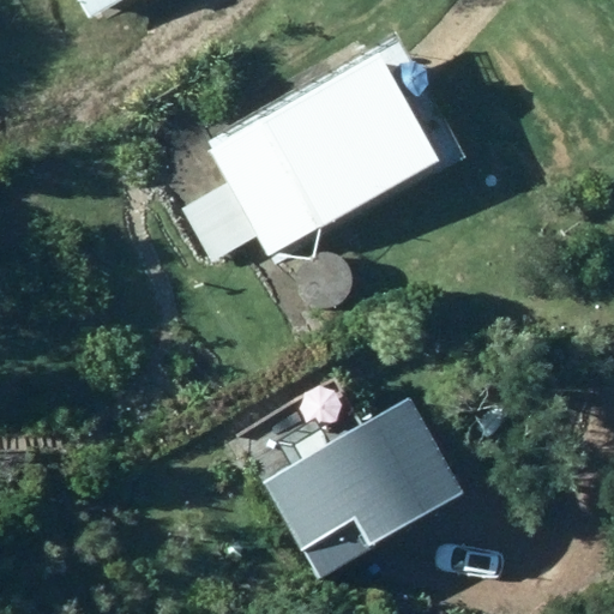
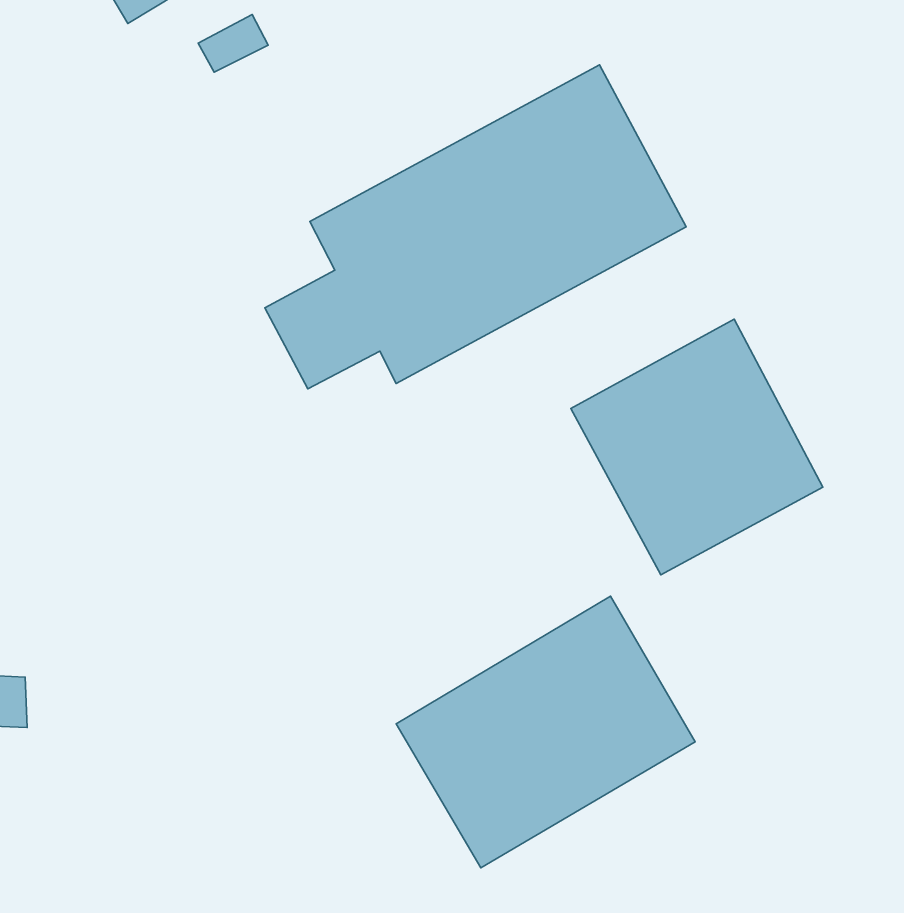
building: none -> [571,319,823,575]

